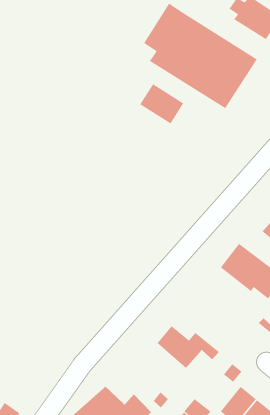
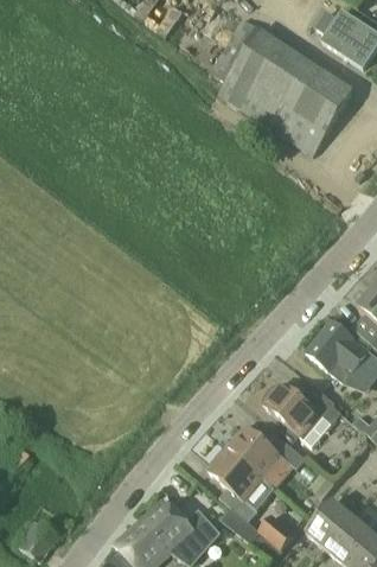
building: [139,83,184,124] -> none
building: none -> [263,381,341,446]
building: none -> [207,446,275,509]

